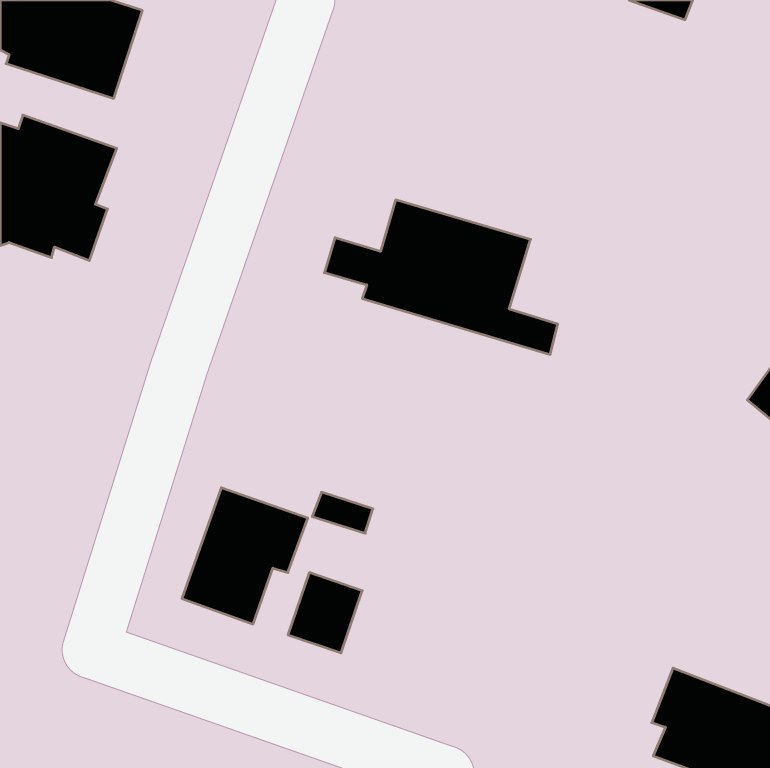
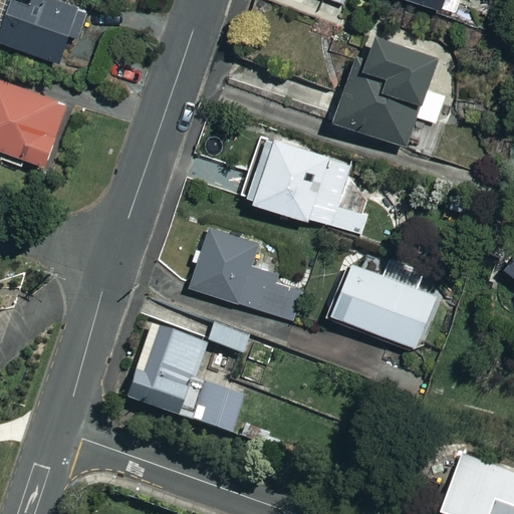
building: none -> [329,32,447,147]
building: none -> [191,229,306,322]
building: none -> [326,261,437,348]

